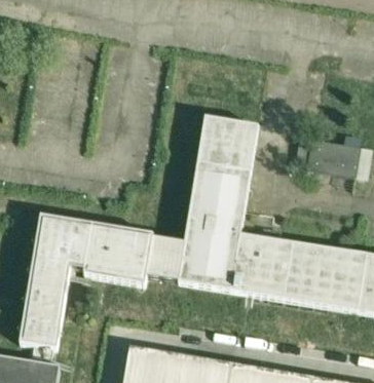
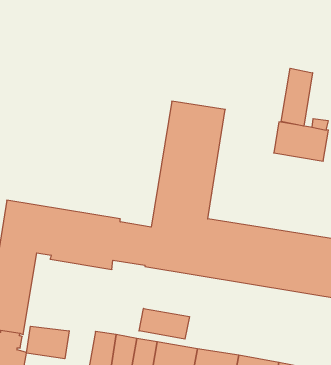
building: none -> [281,68,313,126]
building: none -> [139,308,189,339]
building: none -> [26,326,69,359]

